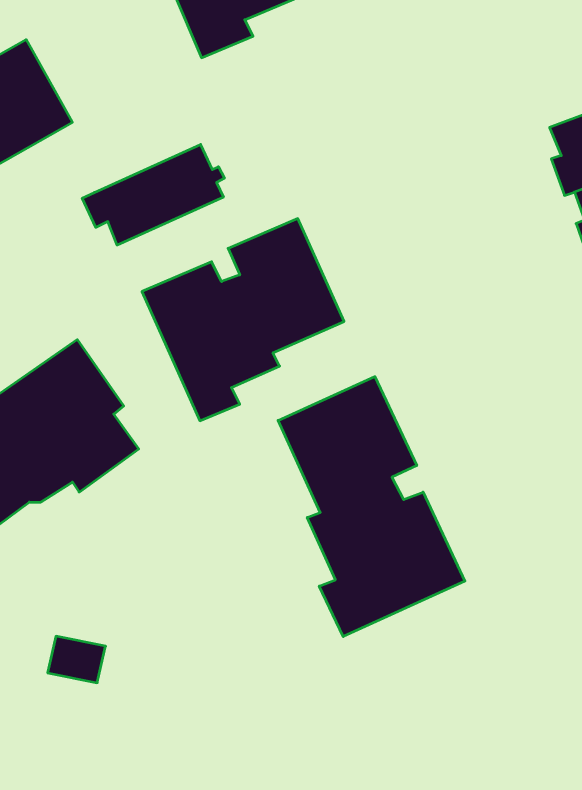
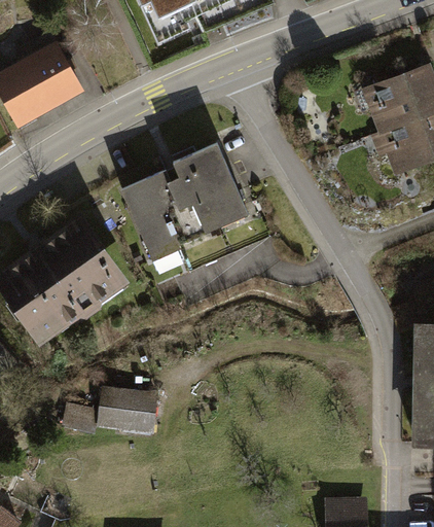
building: [82,144,224,245] -> none
building: [278,377,465,637] -> none
building: none -> [99,390,154,431]

